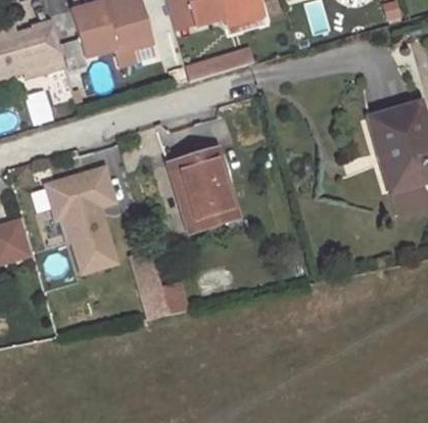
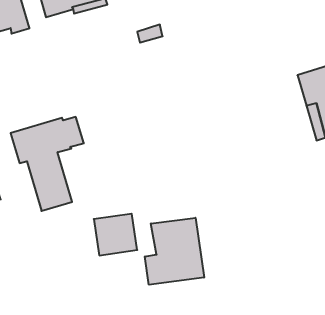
building: [167,148,237,234] -> none
building: none -> [145,218,204,285]

